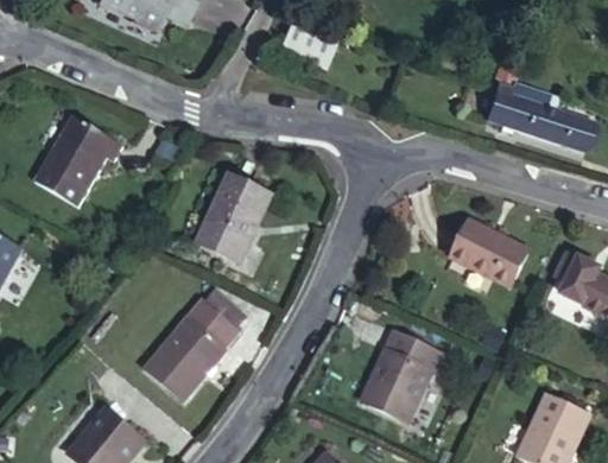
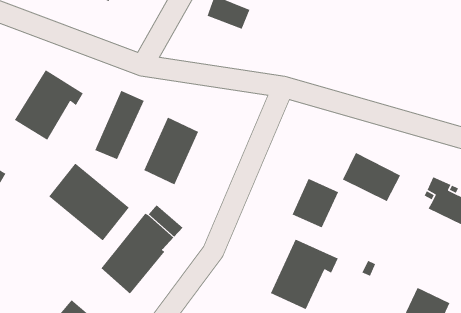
building: [483,83,596,152] -> none
building: none -> [94,90,145,160]
building: none -> [48,163,130,242]
building: none -> [291,178,339,229]

